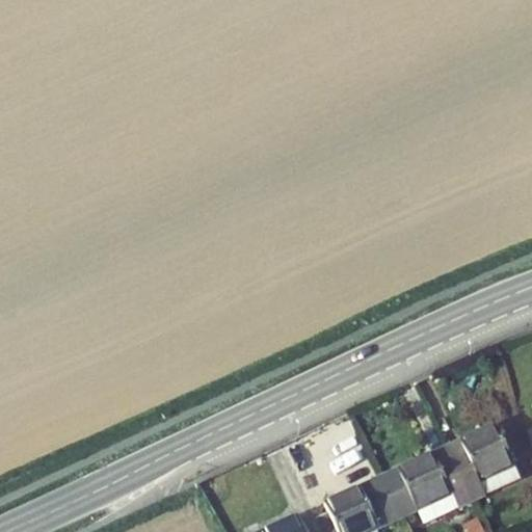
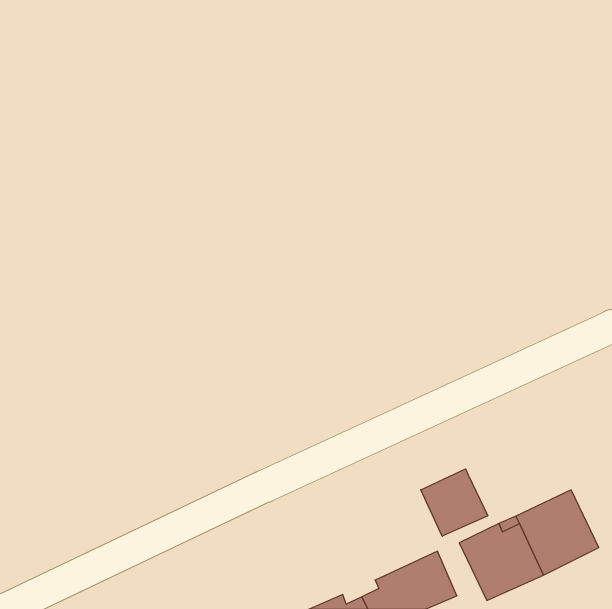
building: none -> [421,469,488,536]

